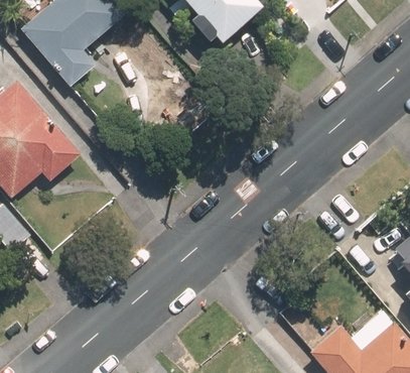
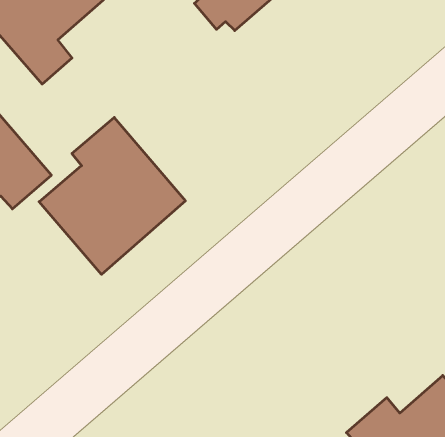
building: none -> [39,117,185,274]

